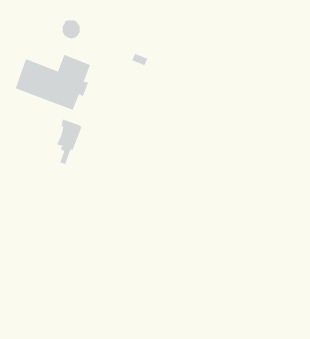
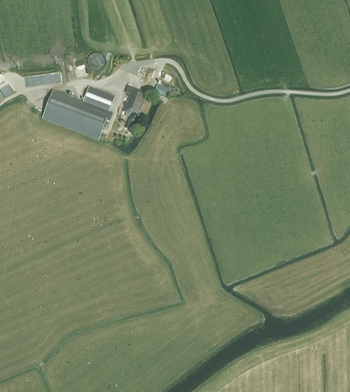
building: [56,119,82,165] -> [121,85,146,130]

